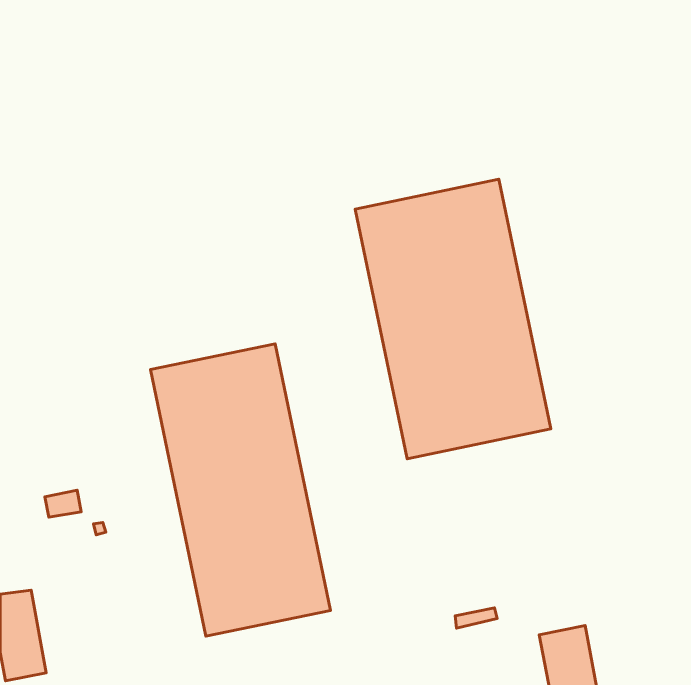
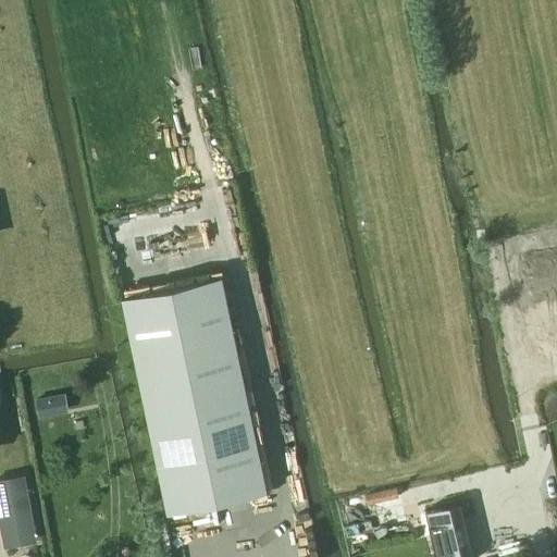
building: [355,179,551,459] -> none

